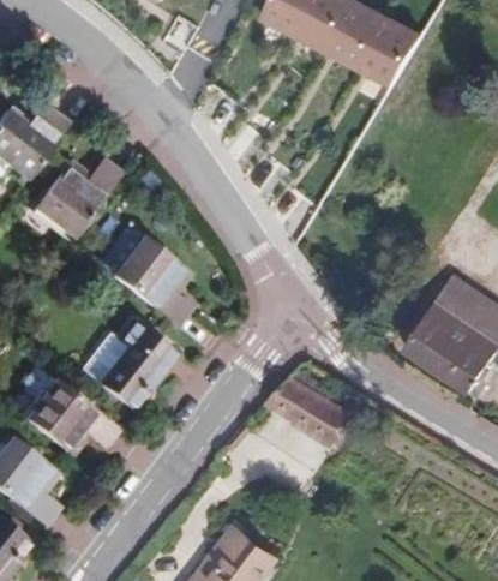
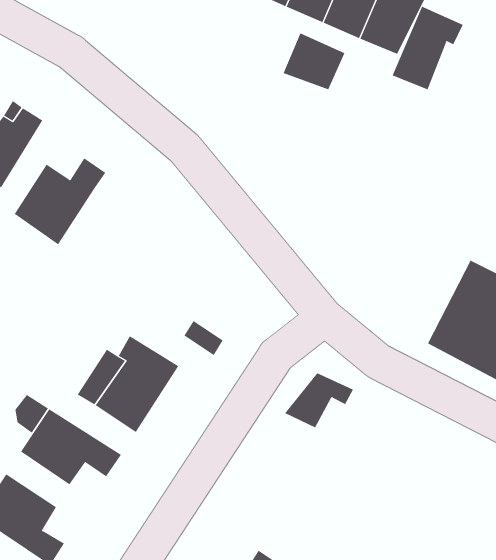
building: none -> [392,6,463,90]
building: none -> [283,32,345,90]
building: [115,239,191,325] -> none
building: [296,391,348,439] -> none

